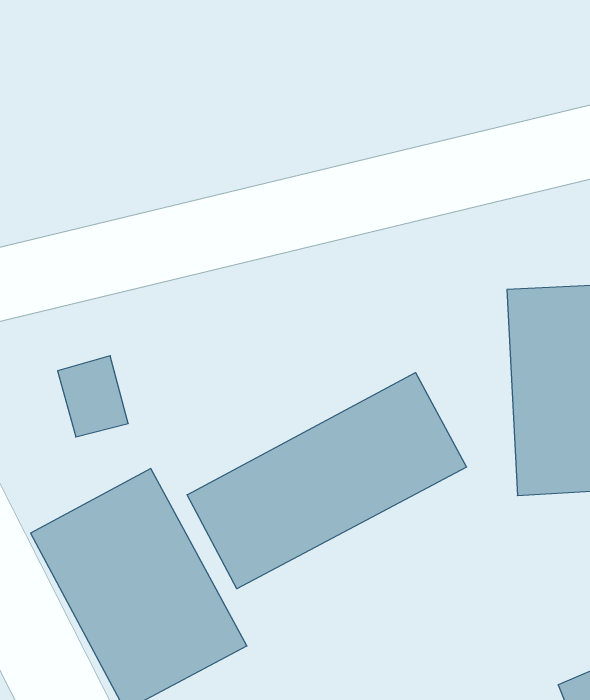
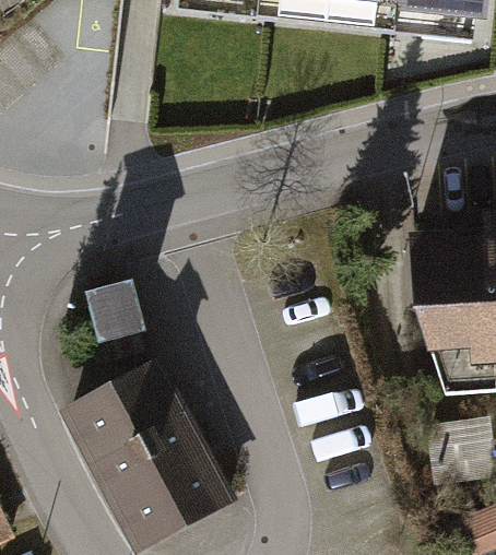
building: [187,373,467,589] -> none

